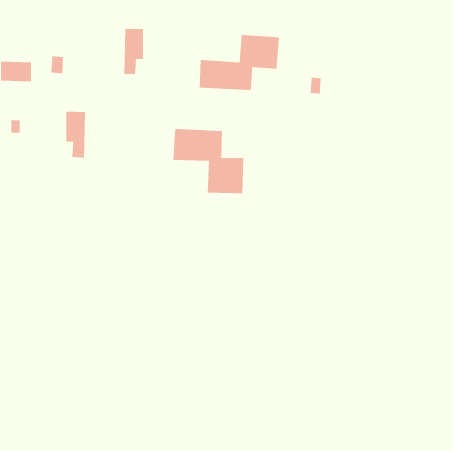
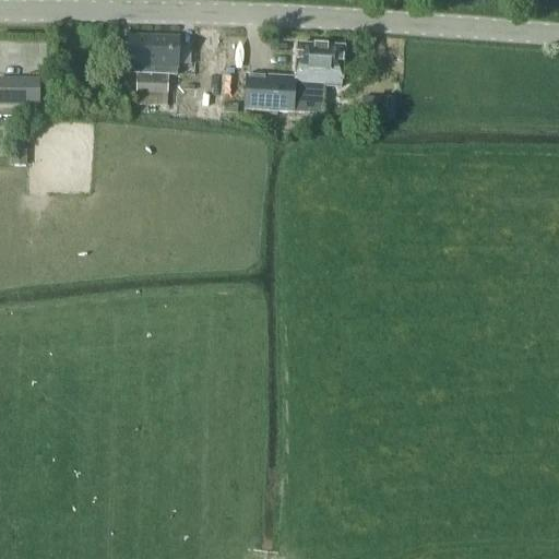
building: [65,111,86,158] -> [129,34,154,92]
building: [173,128,244,194] -> none

